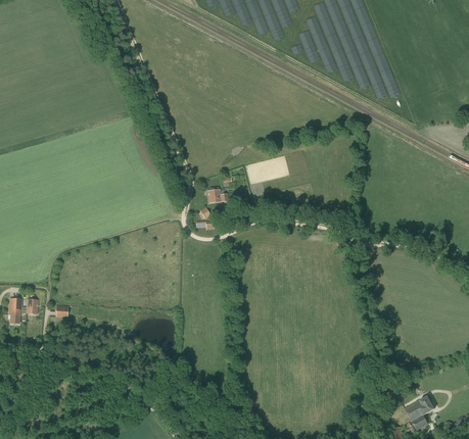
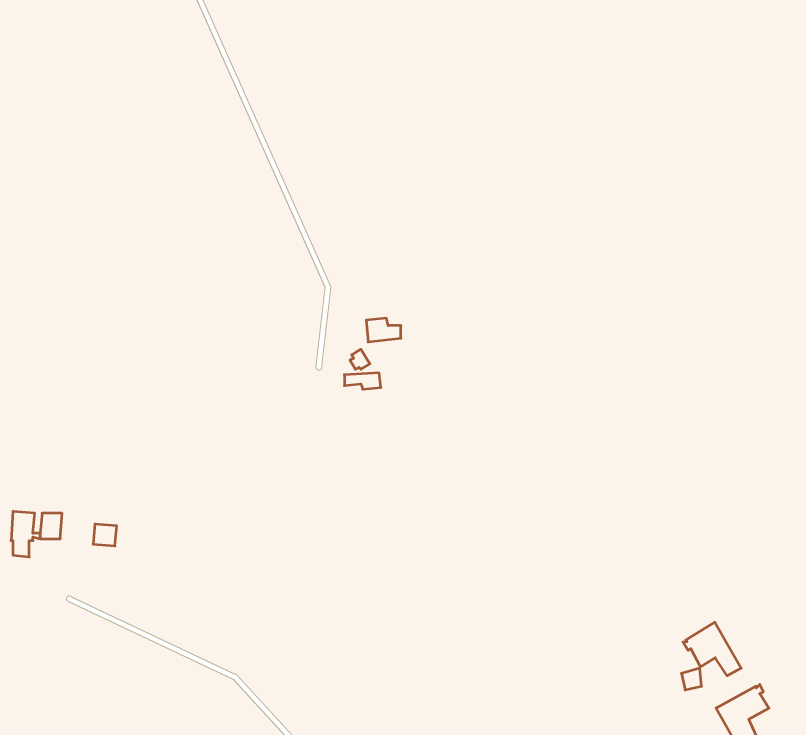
building: none -> [683,622,741,676]

